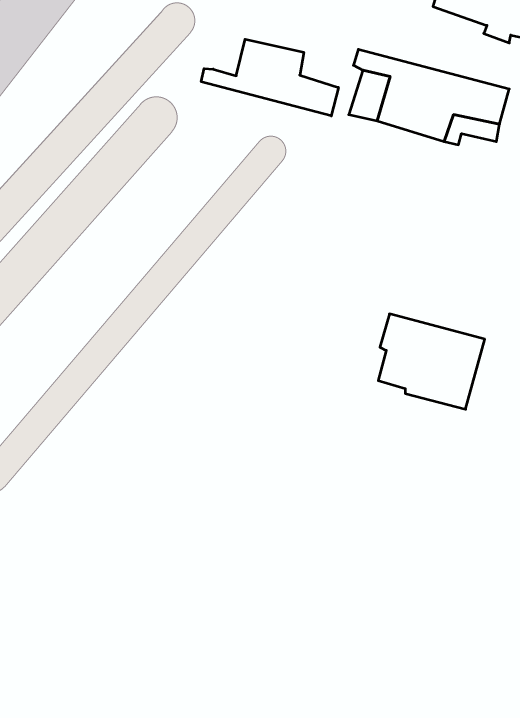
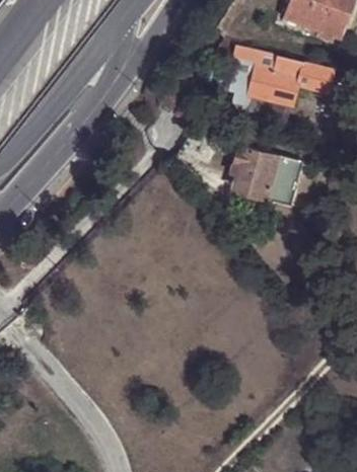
building: [201,39,338,116] -> none
building: [378,314,485,409] -> [231,144,299,205]

